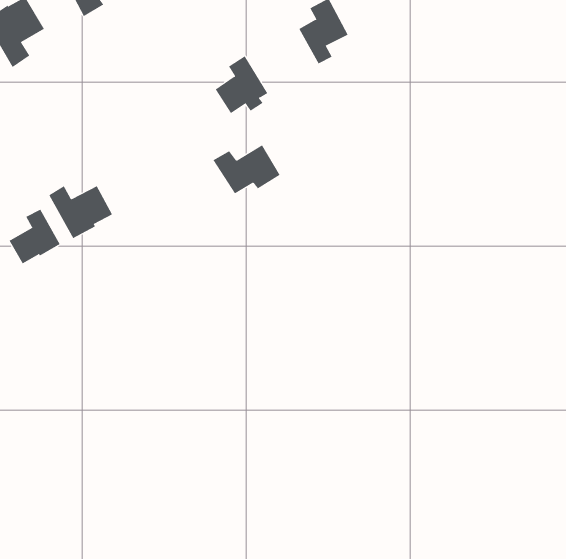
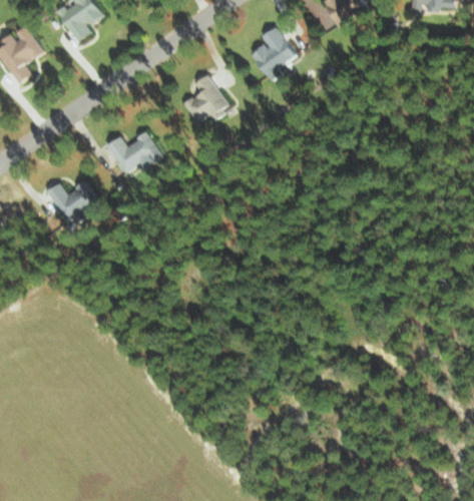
building: [213,144,281,194] -> [106,131,162,172]
building: [9,209,60,264] -> none

